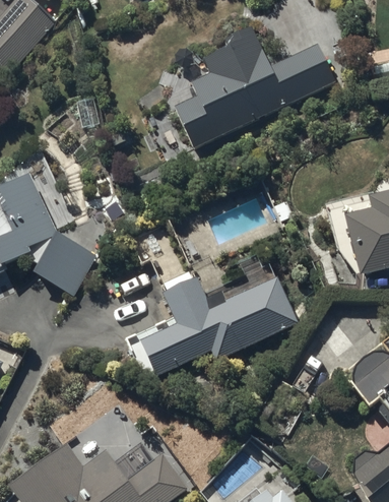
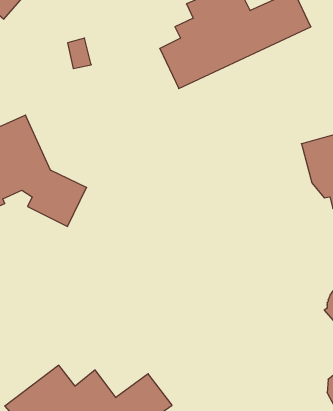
building: [125,254,299,375] -> none

